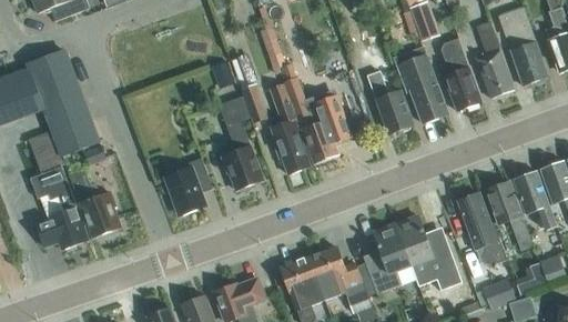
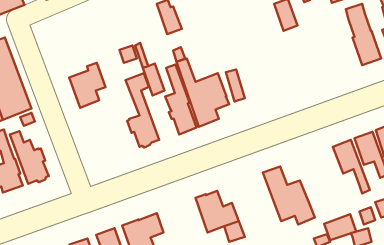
building: [475,22,514,98] -> none
building: [439,39,480,111] -> none
building: [394,47,447,123] -> none
building: [366,70,413,133] -> none
building: [165,158,212,215] -> [69,63,105,108]
building: [457,192,507,265] -> none
building: [365,223,410,293] -> none
building: [281,255,324,309] -> none

